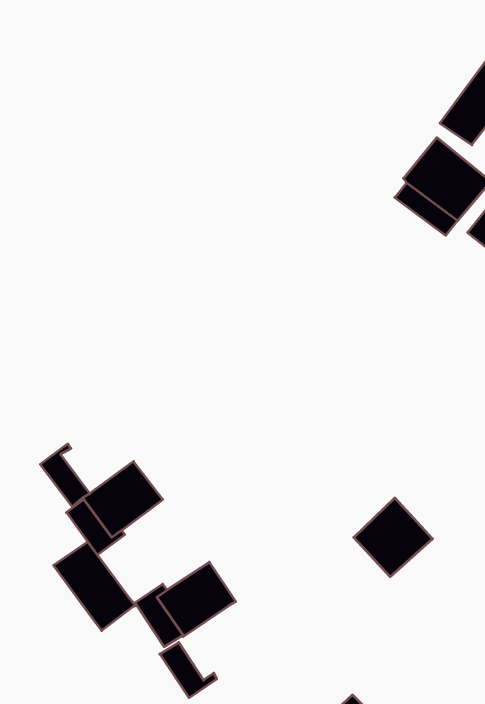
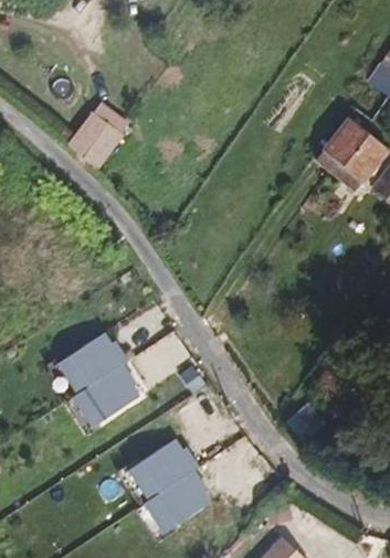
building: none -> [71,111,123,167]
building: none -> [64,328,124,385]
building: [54,542,136,631] -> none
building: none -> [152,470,212,526]

